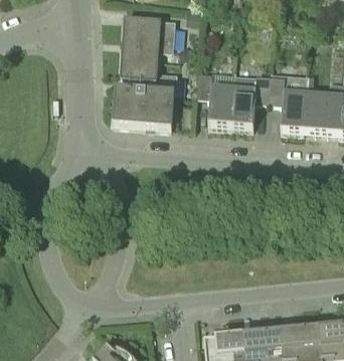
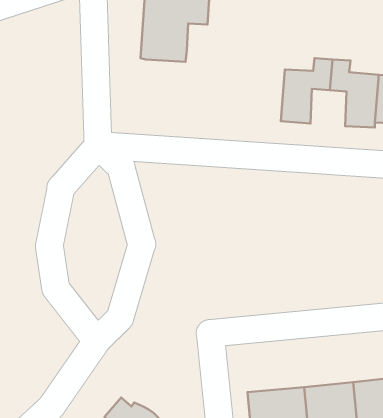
building: [114,70,177,128] -> none
building: [187,71,233,126] -> none

